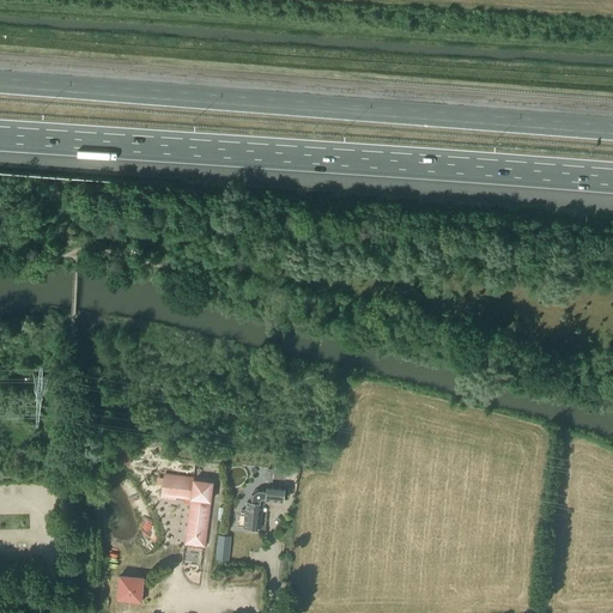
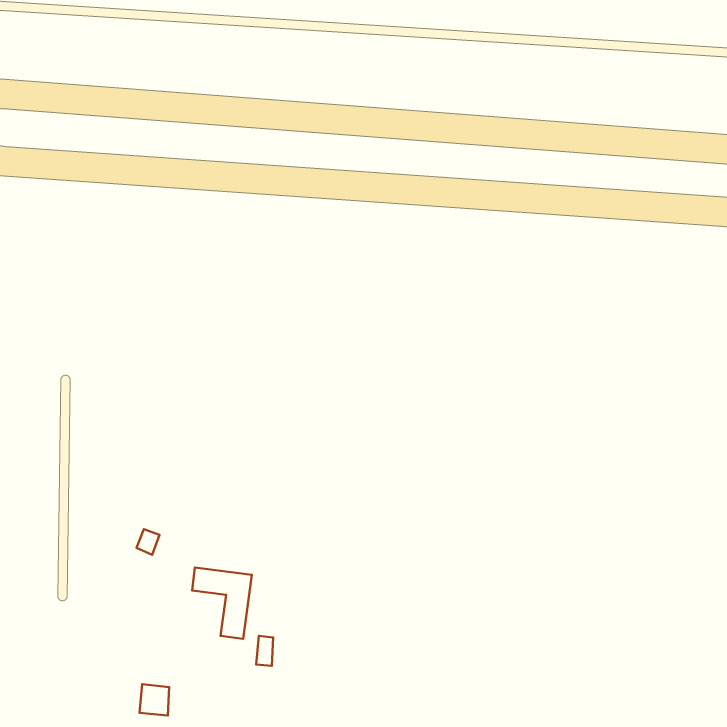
building: [241,485,285,532] -> none

